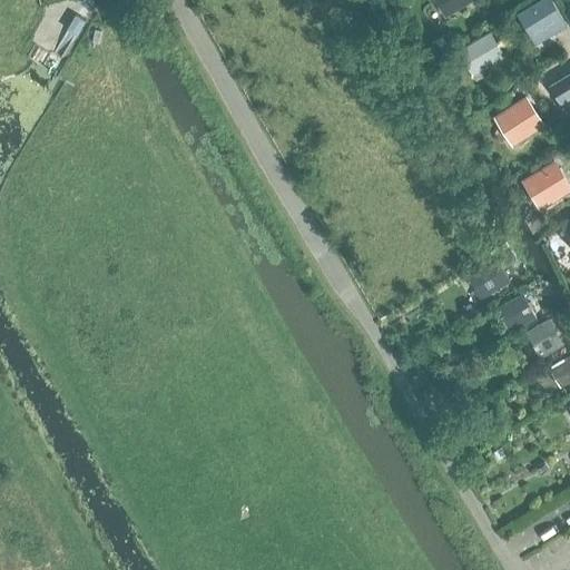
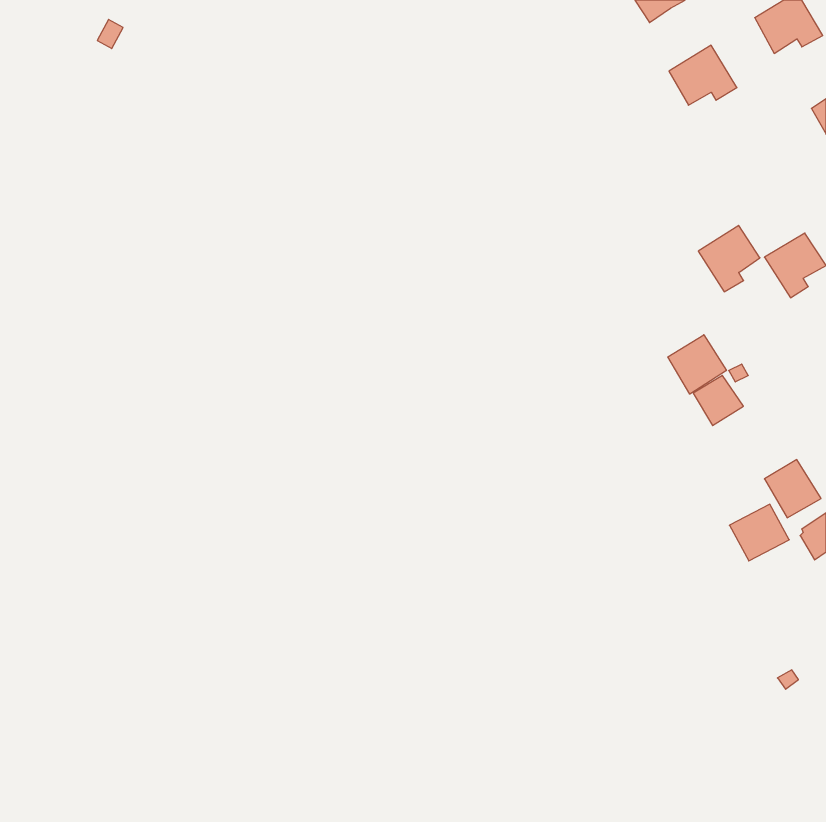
building: [497,99,539,145] -> [698,225,760,292]
building: none -> [668,335,726,394]
building: [495,295,537,334] -> [729,504,789,561]

